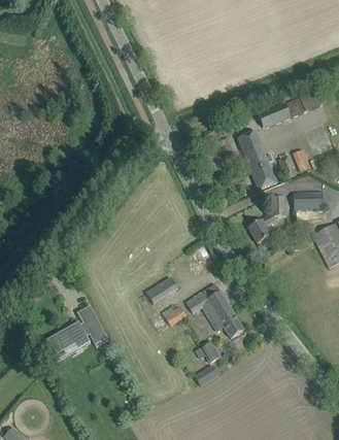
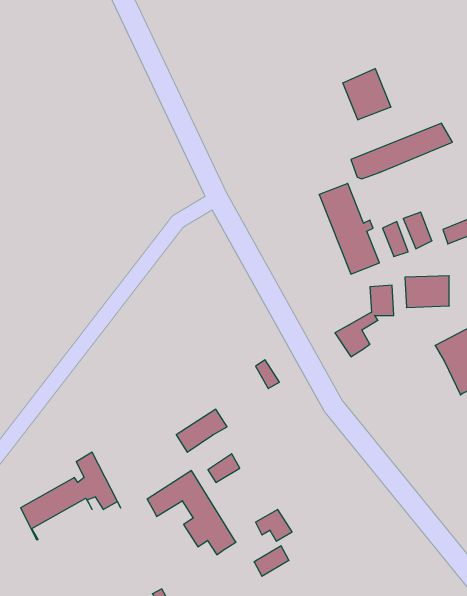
building: none -> [343,69,391,120]
building: [185,283,243,338] -> [147,471,236,555]

